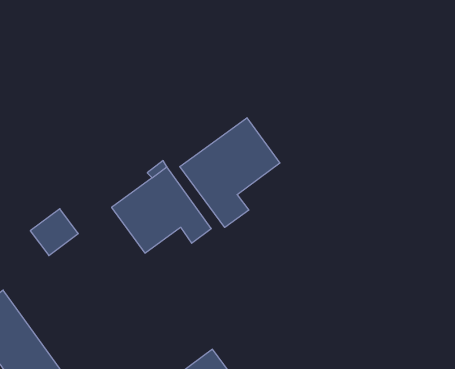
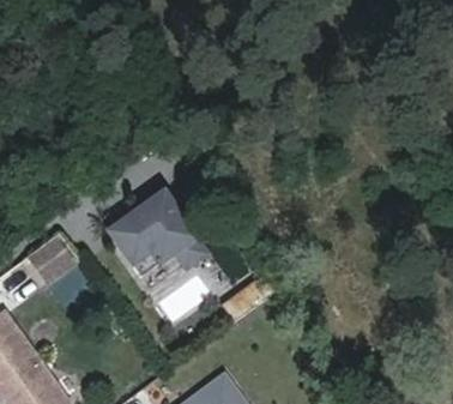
building: [180,118,280,227] -> none

